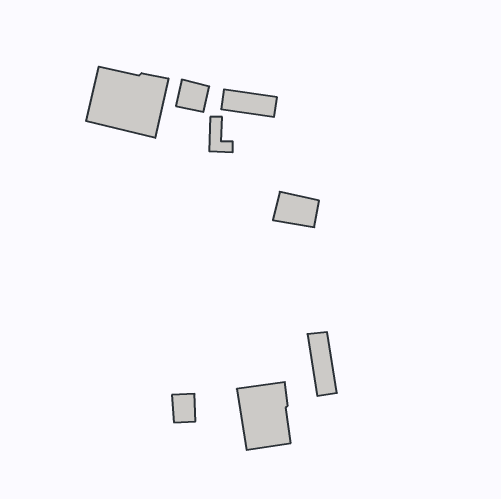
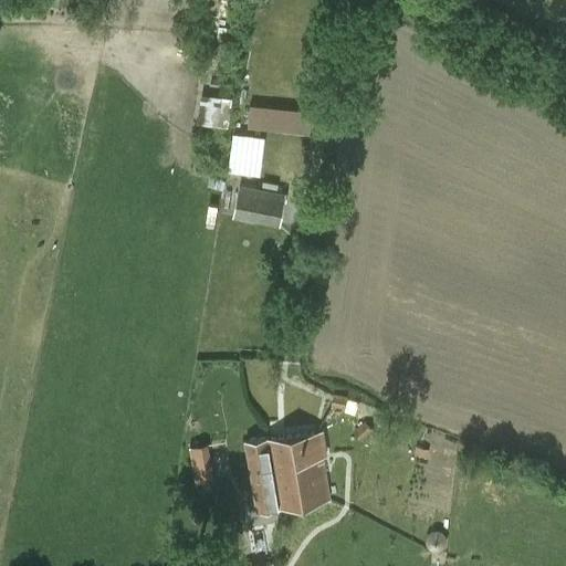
building: [86,67,168,138] -> none
building: [273,192,319,227] -> [232,188,284,228]
building: [307,332,337,396] -> [244,441,277,513]

